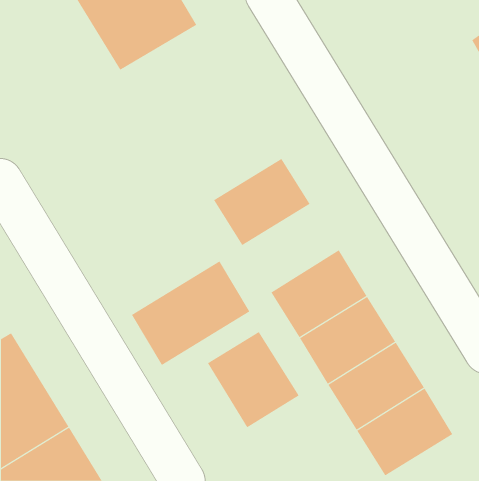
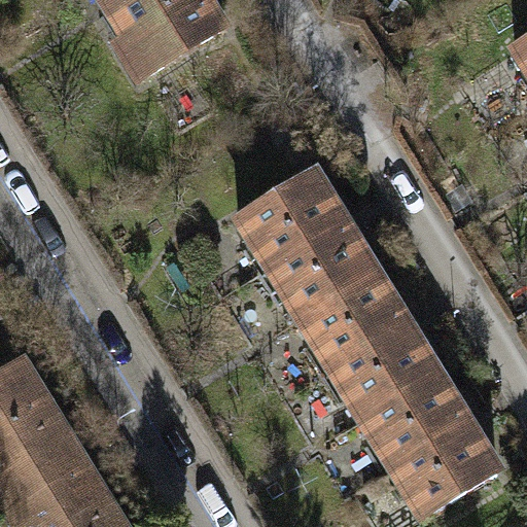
building: none -> [270,220,375,316]
building: [131,260,250,366] -> none
building: [207,331,299,428] -> none

